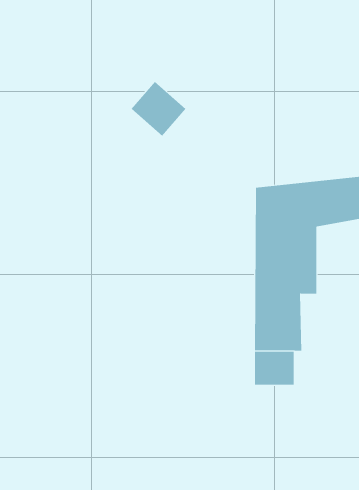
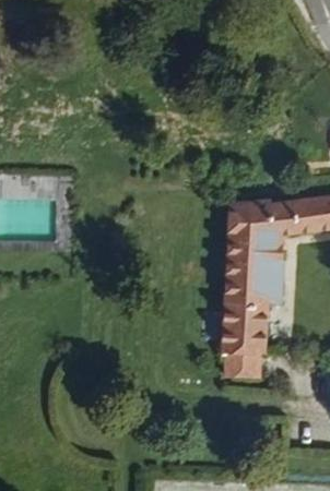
building: [131,81,186,136] -> none

